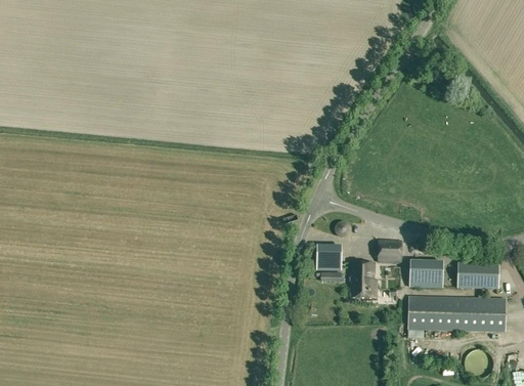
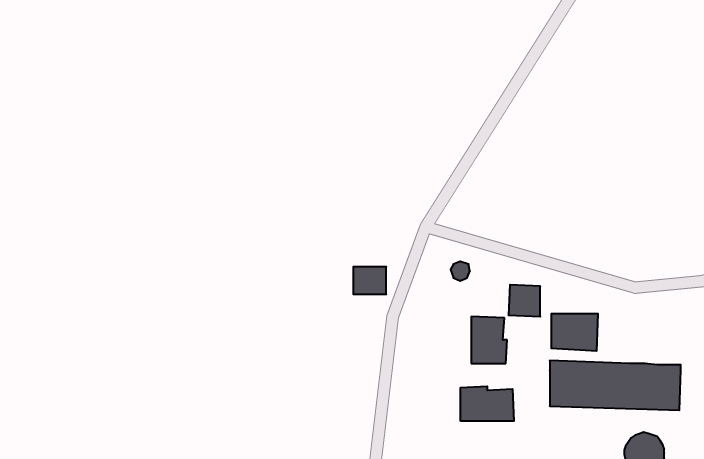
building: [316,249,341,269] -> [353,267,386,294]
building: [457,266,498,289] -> none
building: none -> [461,386,514,421]

